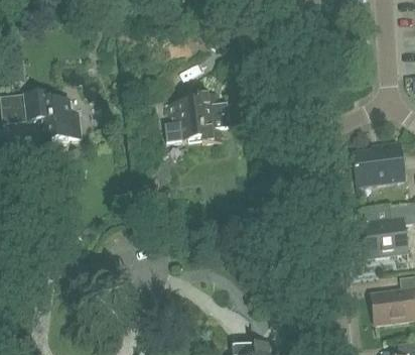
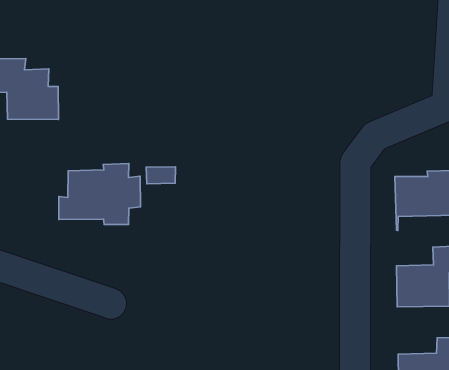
building: [164,92,230,142] -> [59,163,141,225]

